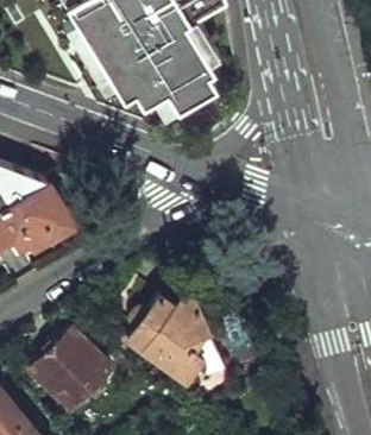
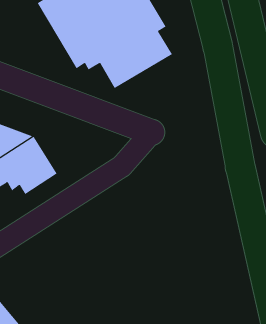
building: [127,297,225,384] -> none
building: [31,330,109,410] -> none

